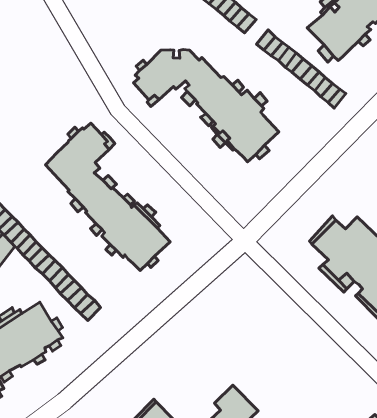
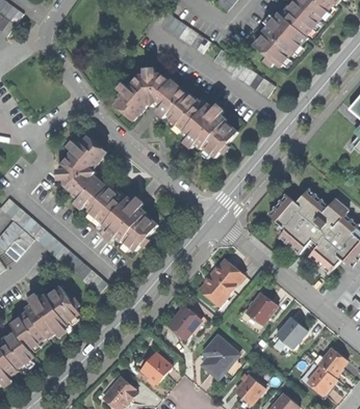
building: none -> [204,251,247,296]
building: none -> [243,293,276,325]
building: none -> [166,308,199,340]
building: none -> [276,317,306,348]

